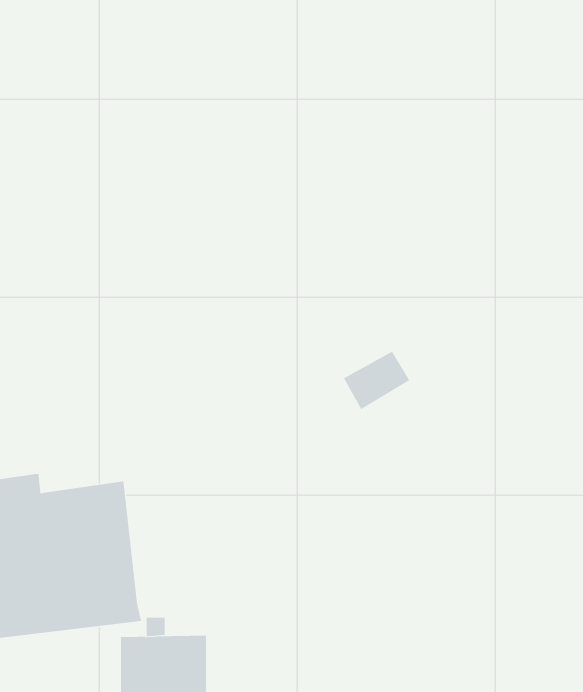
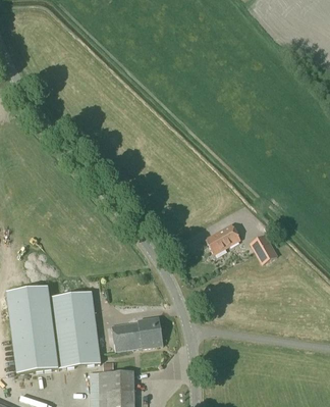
building: none -> [249,235,277,265]
building: none -> [111,317,163,352]

